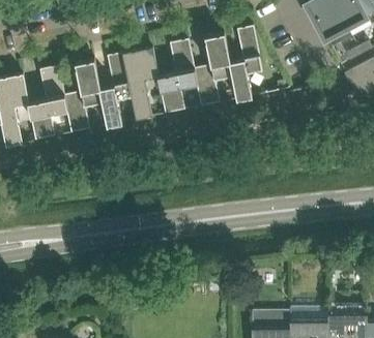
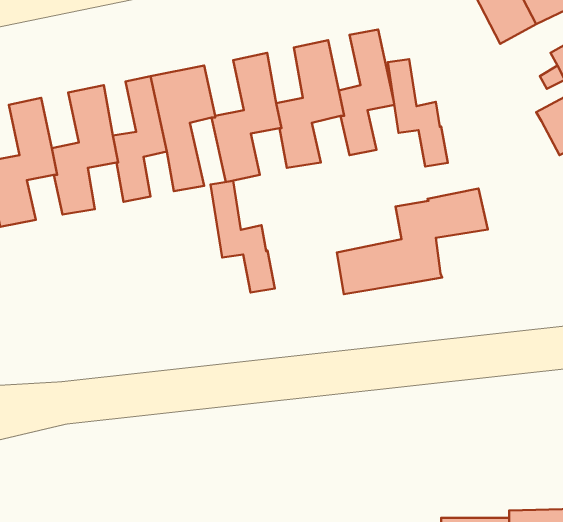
building: none -> [388,59,448,167]
building: none -> [210,181,275,293]
building: none -> [337,189,488,294]

